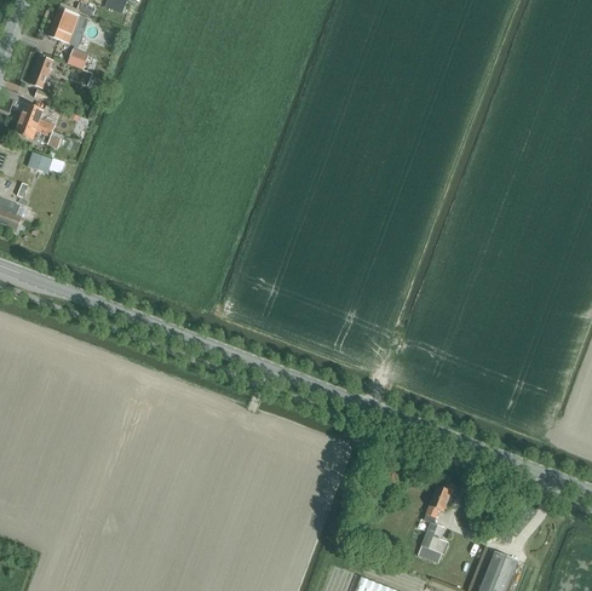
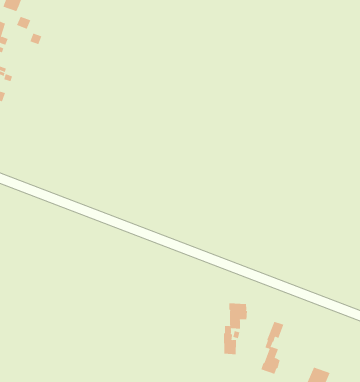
building: none -> [223,303,248,355]

